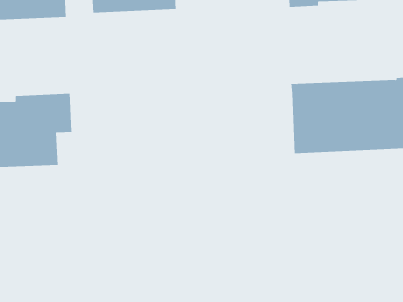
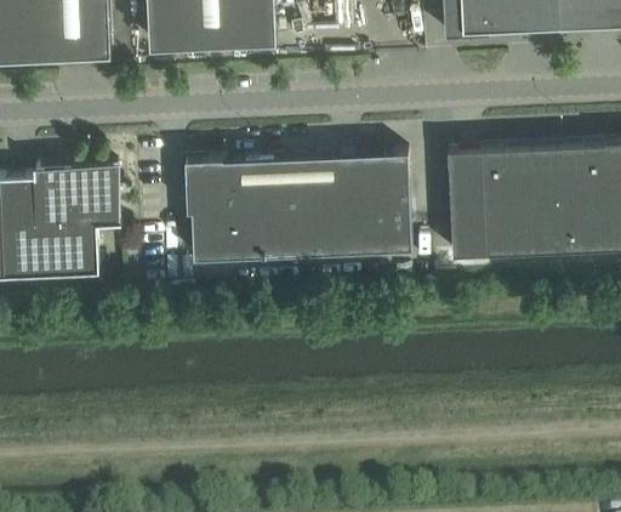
building: none -> [186,152,412,258]

